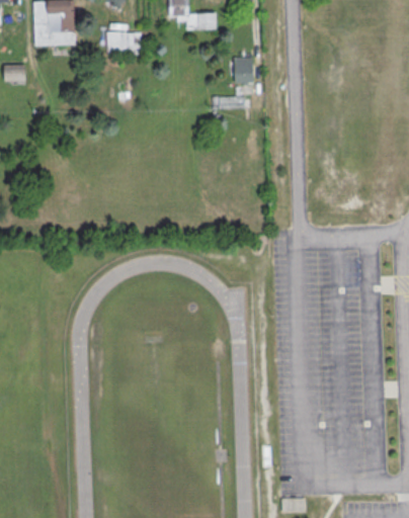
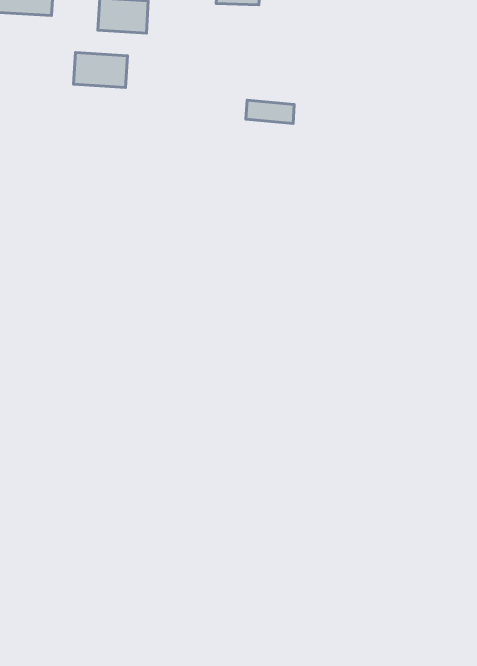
building: [233,57,253,83] -> none
building: none -> [74,53,127,87]

